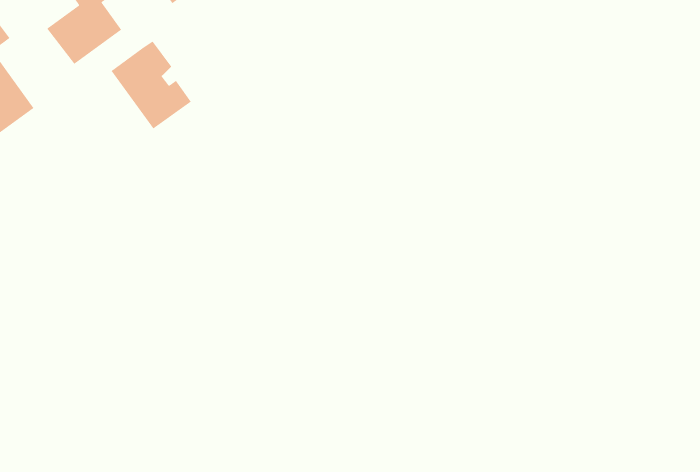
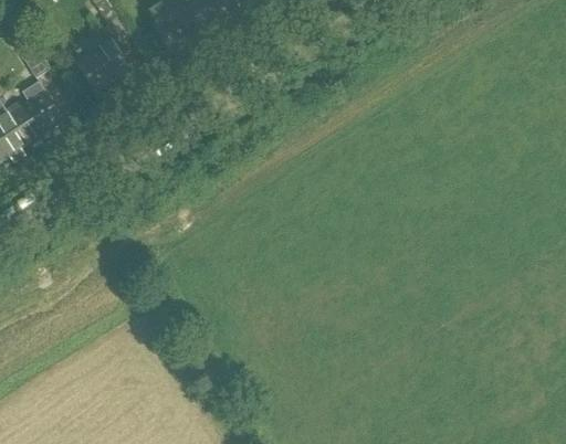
building: [111,41,192,130] -> none

